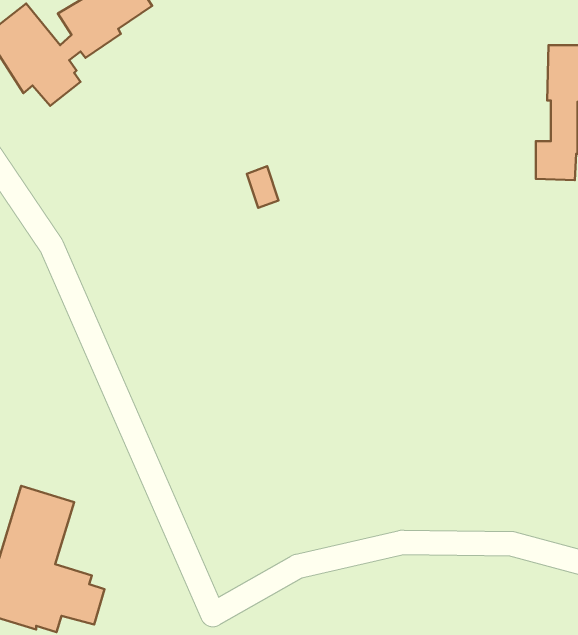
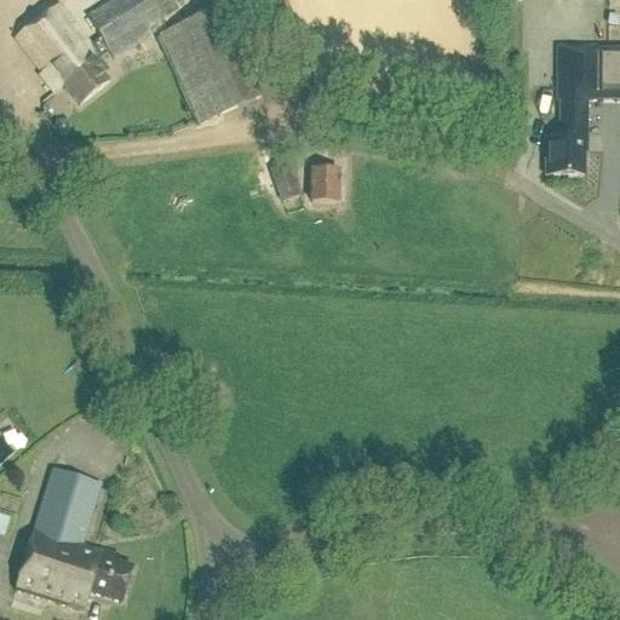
building: none -> [163,6,262,120]
building: none -> [311,168,341,201]

